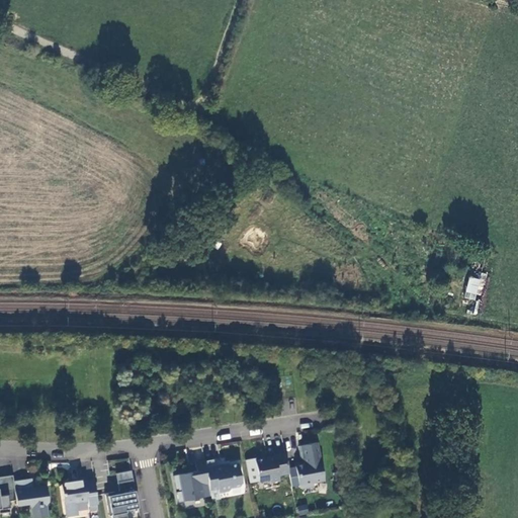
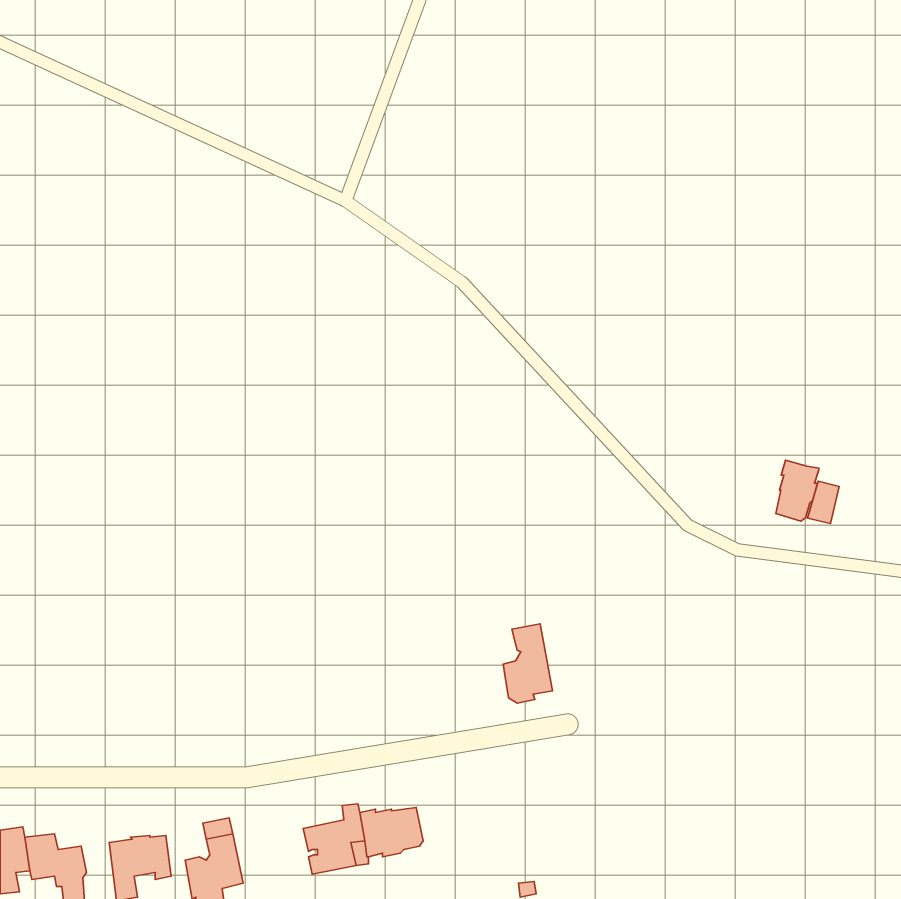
building: none -> [776,460,819,521]
building: [296,443,325,489] -> [503,624,552,703]
building: [256,453,289,484] -> none

